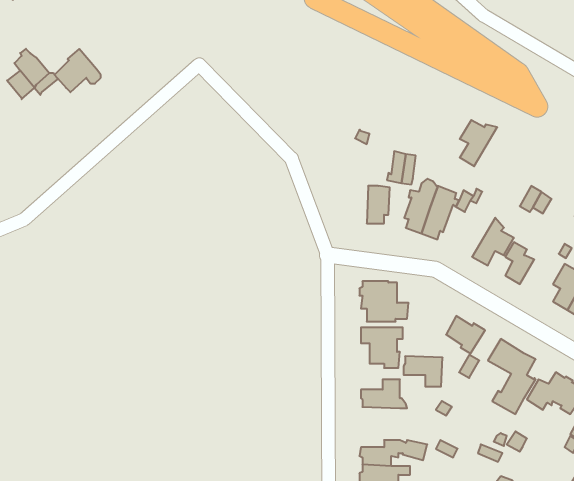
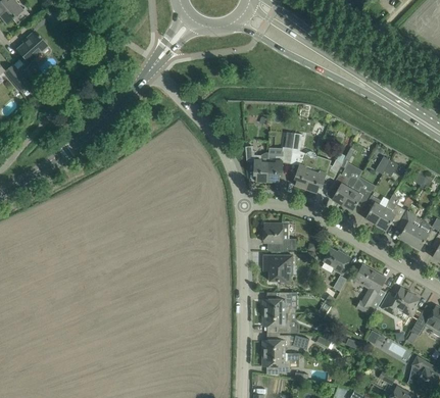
building: [55,49,101,92] -> [18,31,51,61]
building: [460,120,497,166] -> [332,172,358,205]
building: none -> [245,145,270,182]
building: none -> [376,194,405,231]
building: [404,356,443,387] -> [263,311,291,333]

